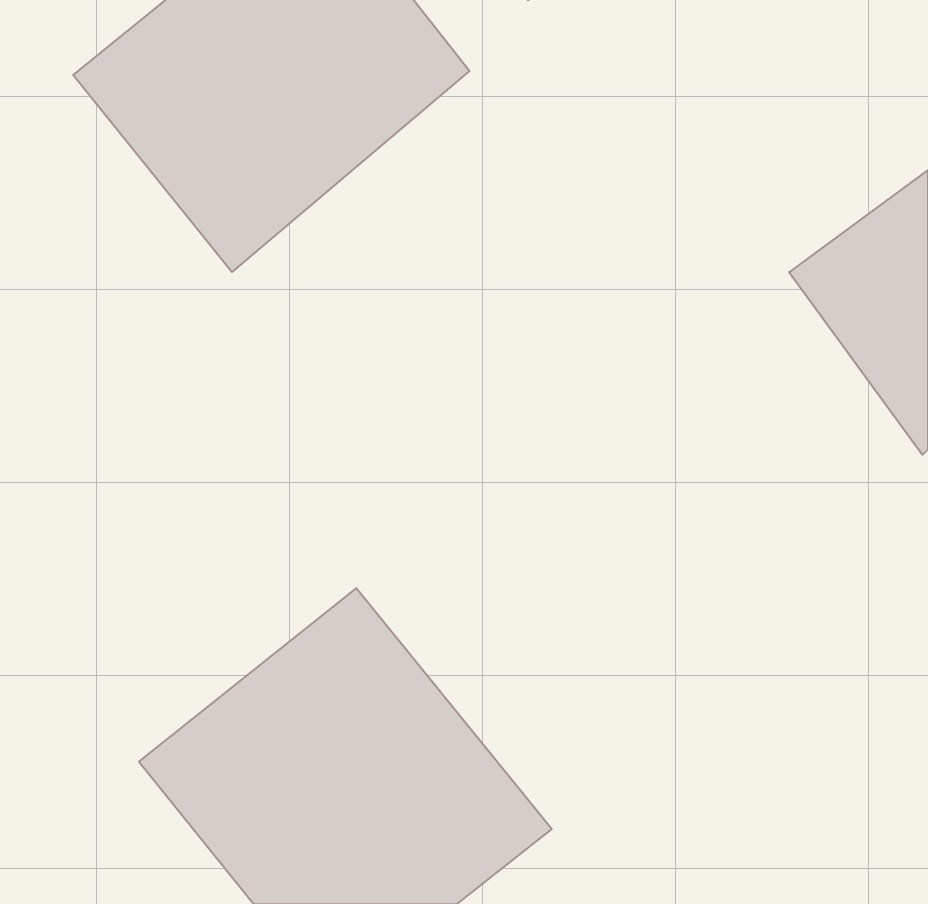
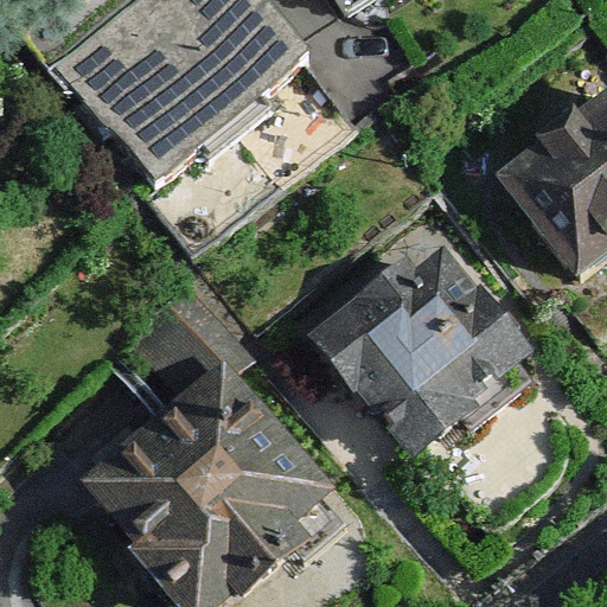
building: none -> [320,250,556,488]

